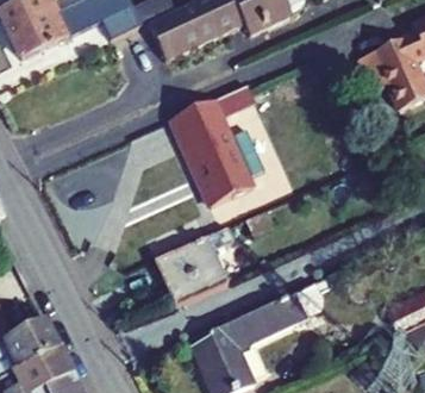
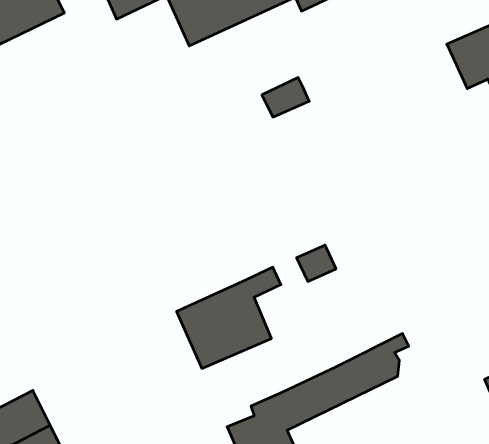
building: [170,100,264,206] -> none

